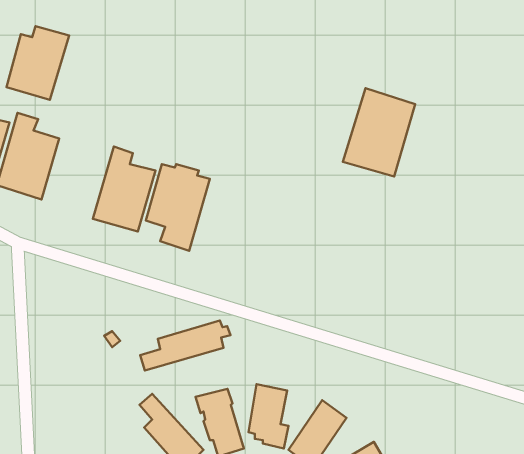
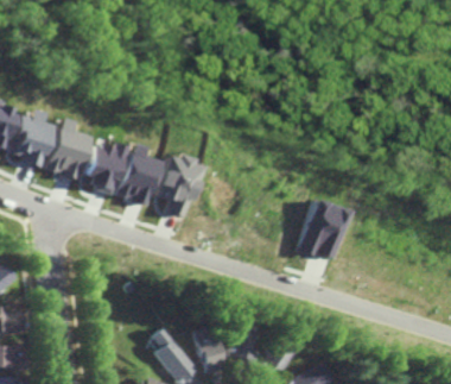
building: [6,26,69,100] -> [76,139,122,194]
building: [343,88,415,176] -> [293,199,347,264]
building: [140,320,231,370] -> none

